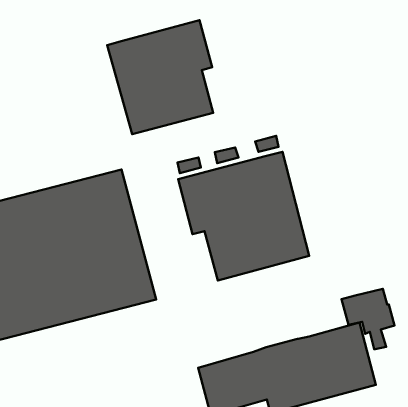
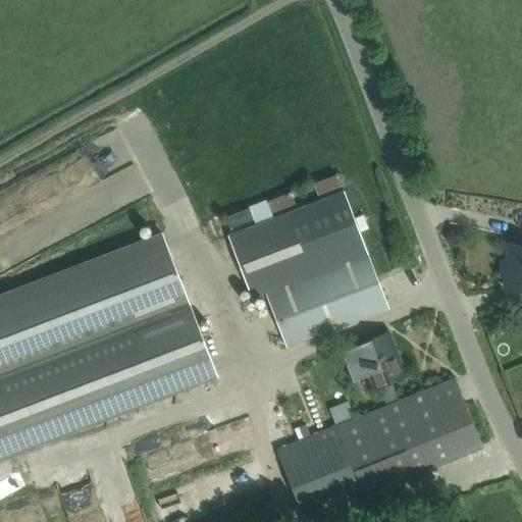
building: [107,20,213,134] -> none
building: [342,289,395,349] -> [341,334,405,405]

